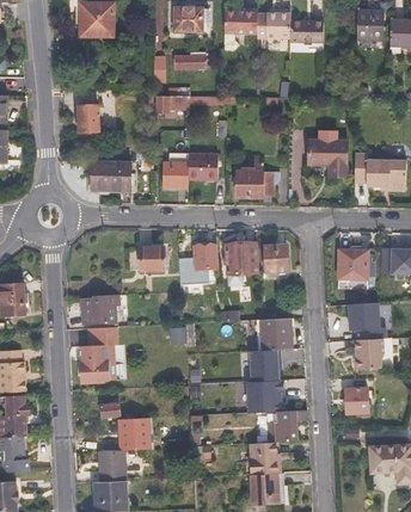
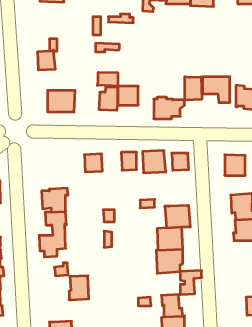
building: none -> [97,72,118,86]
building: none -> [185,77,202,100]
building: [342,387,364,413] -> none
building: [98,450,124,481] -> none

